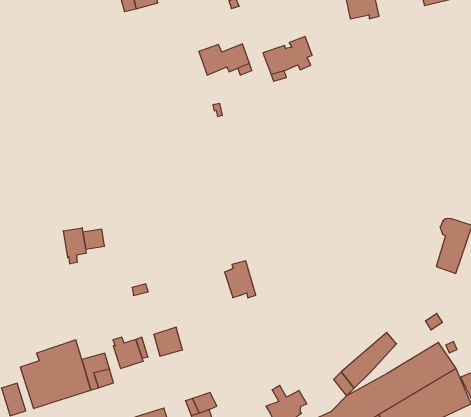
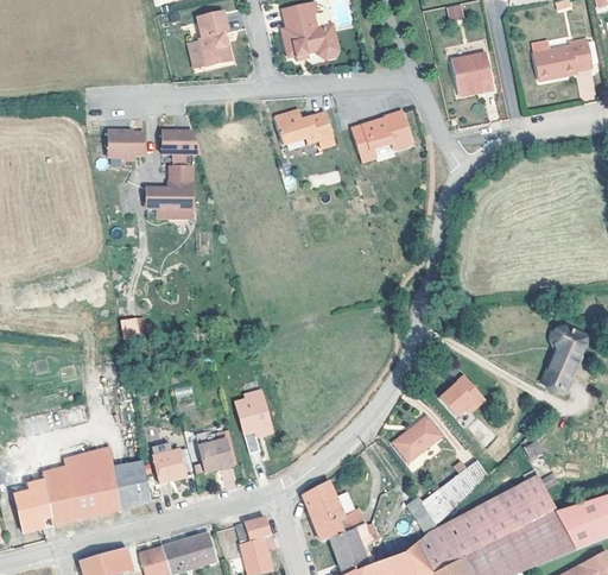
building: none -> [107,125,141,154]
building: none -> [145,129,198,215]
building: [63,228,86,264] -> none
building: [224,261,256,298] -> [236,392,272,436]
building: none -> [437,375,482,417]
building: none -> [392,418,438,462]
building: none -> [303,481,344,542]

